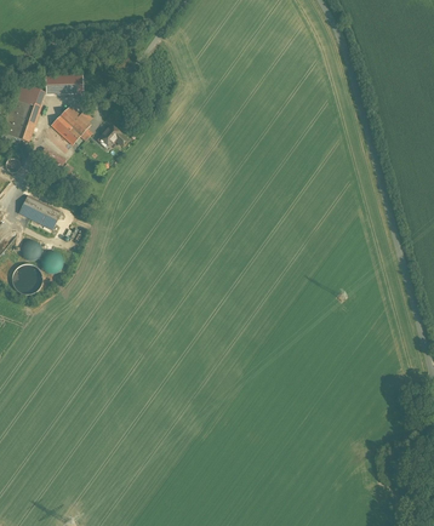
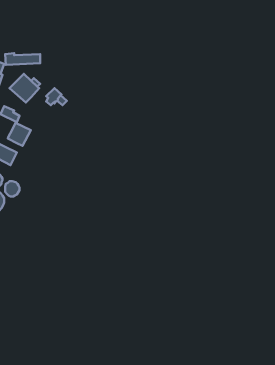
building: none -> [8,123,31,146]

